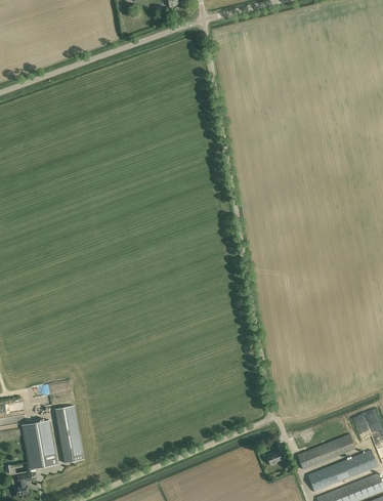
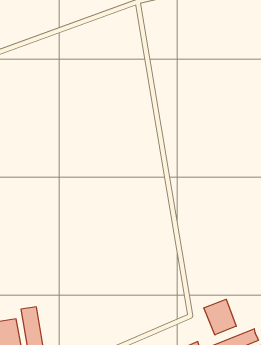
building: none -> [204,299,236,335]

